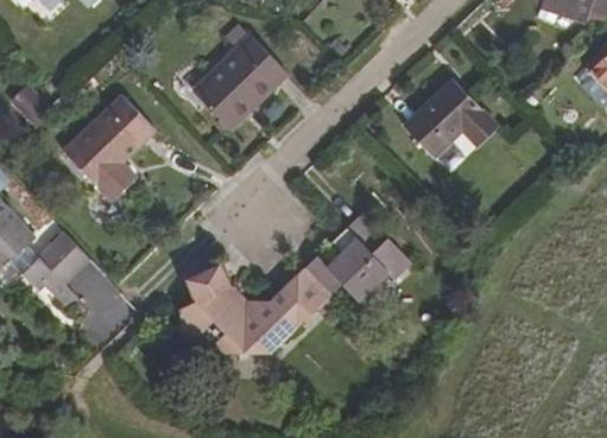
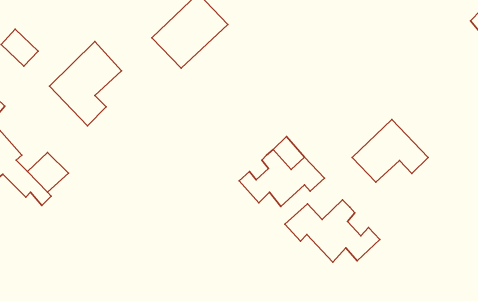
building: [403,80,498,158] -> [352,120,428,182]
building: [179,265,328,354] -> none
building: none -> [285,200,380,262]

